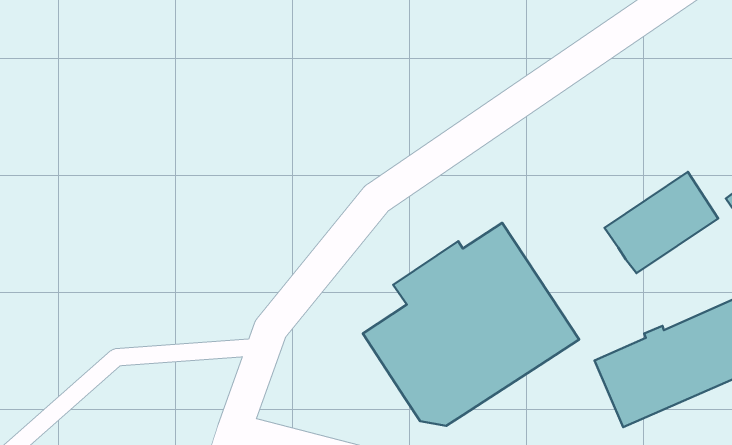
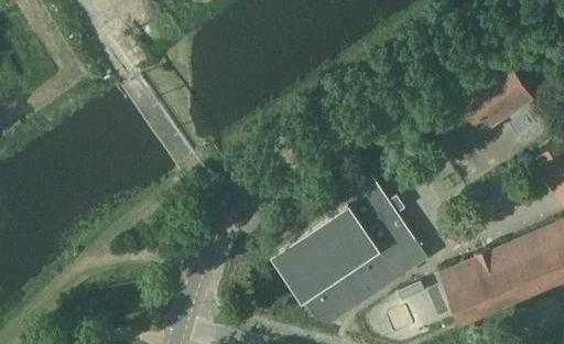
building: [605,172,718,273] -> [452,64,534,138]

